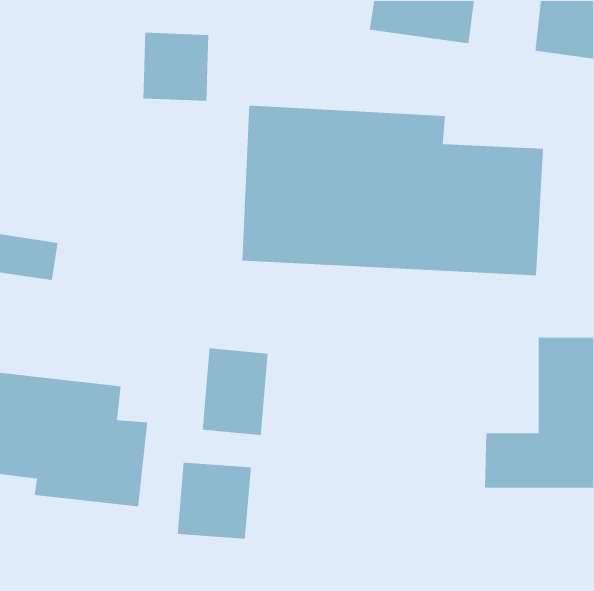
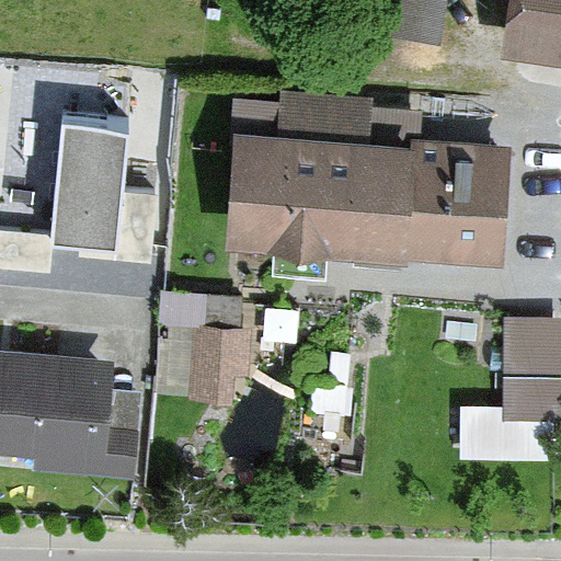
building: [143,32,209,102] -> none
building: none -> [56,111,150,252]
building: [177,462,252,540] -> none

